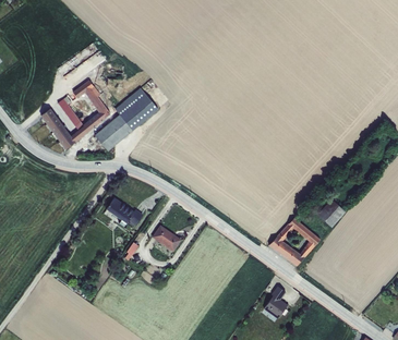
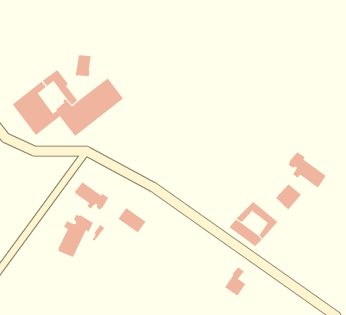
building: none -> [288,151,326,188]
building: none -> [57,214,94,258]

